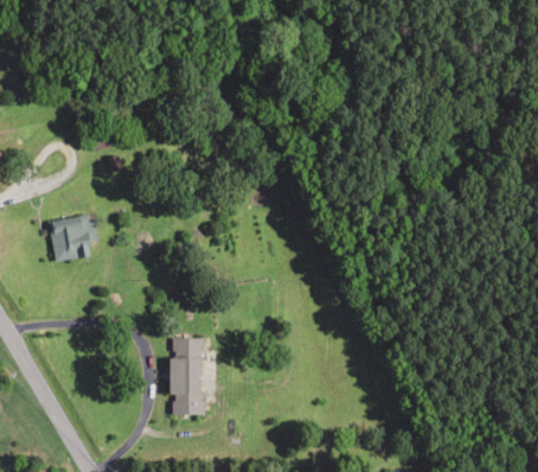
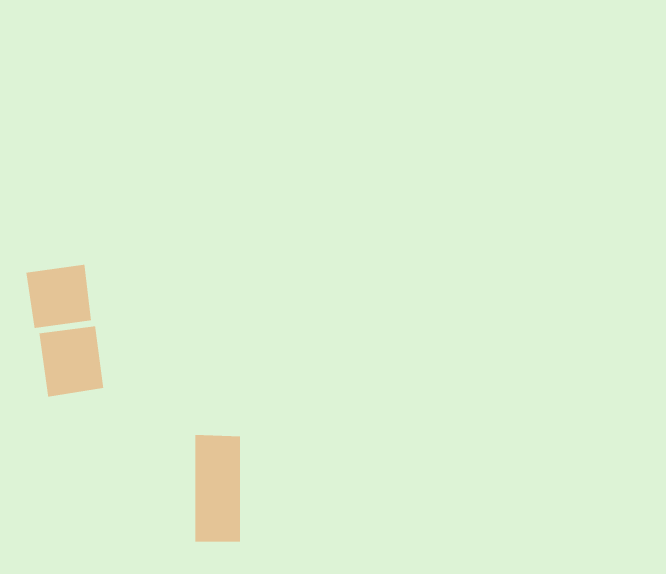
building: none -> [39,325,104,397]

